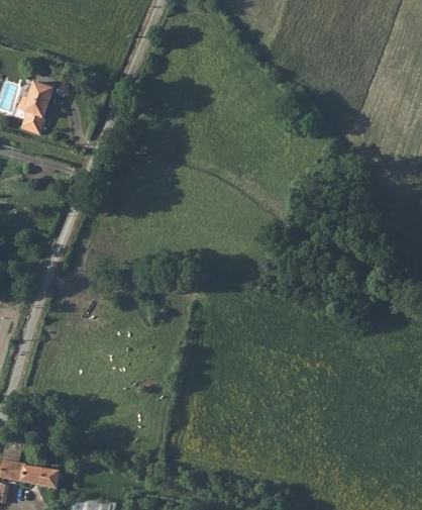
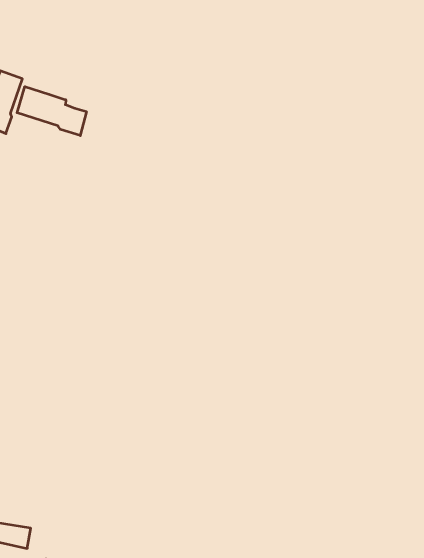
building: none -> [17,87,86,136]

